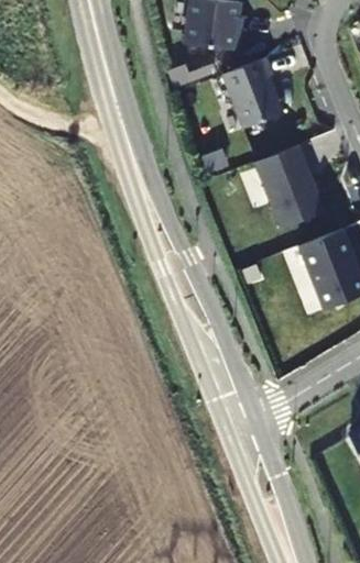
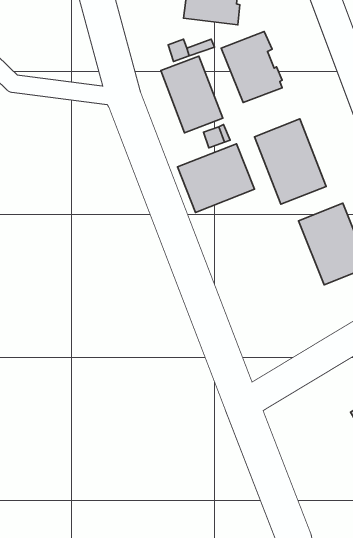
building: none -> [161,56,223,133]
building: none -> [178,144,255,212]

